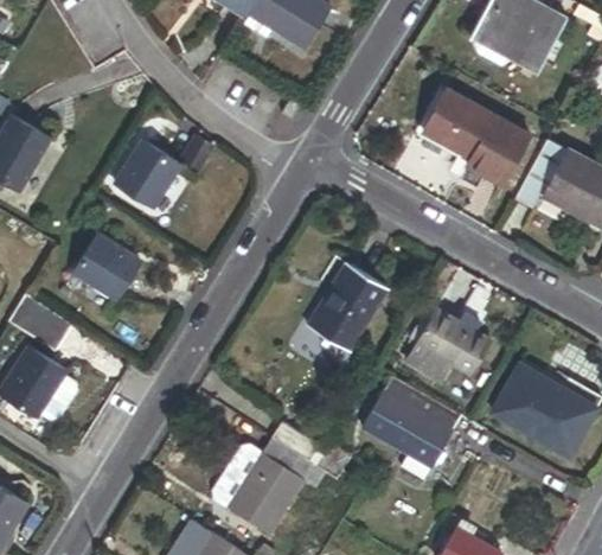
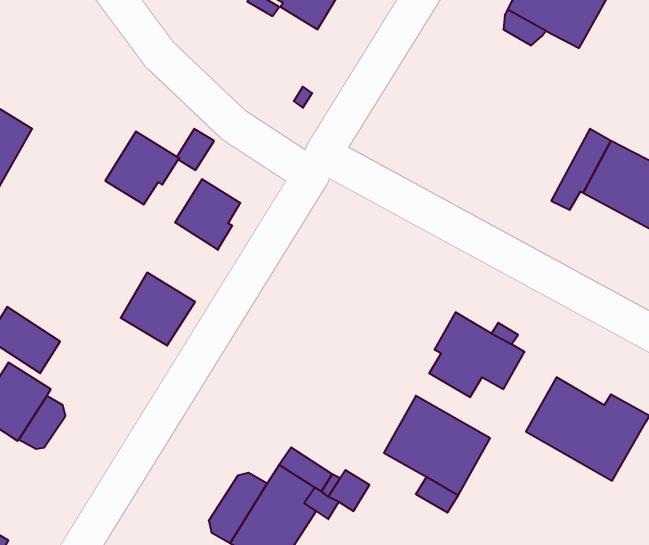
building: [423,89,529,184] -> none
building: none -> [175,179,240,250]
building: [75,235,141,300] -> [121,273,195,346]
building: [306,263,385,347] -> none

